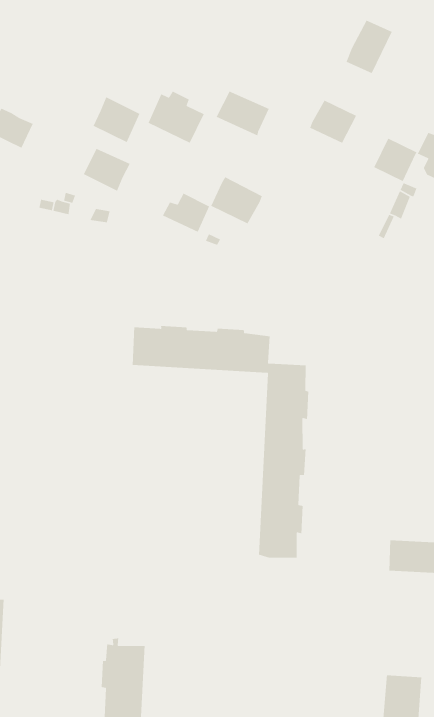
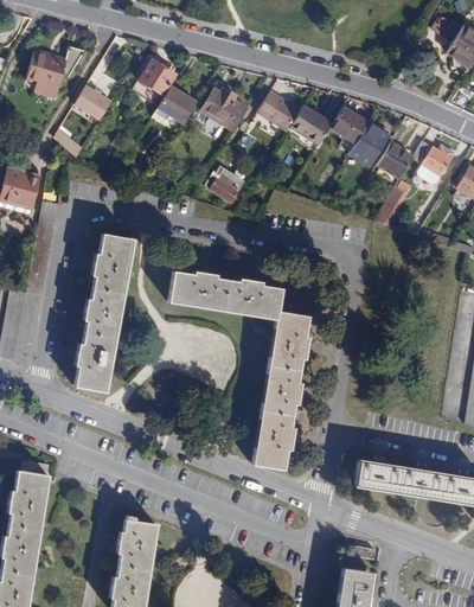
building: [345,19,393,74] -> [350,122,390,166]
building: [83,148,131,192] -> [140,59,179,96]
building: [210,176,263,224] -> [290,104,333,145]
building: none -> [75,234,134,391]

